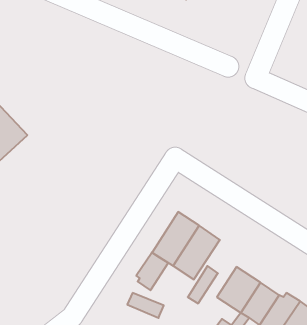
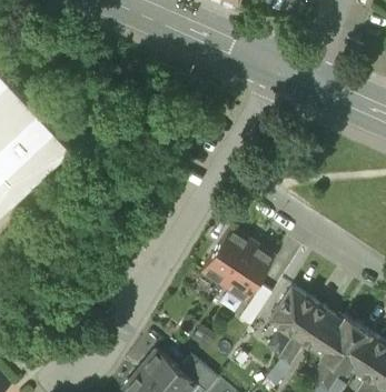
building: [136,252,168,290] -> none

